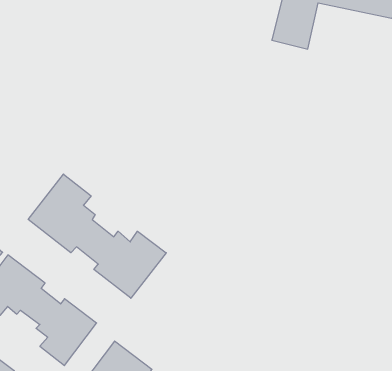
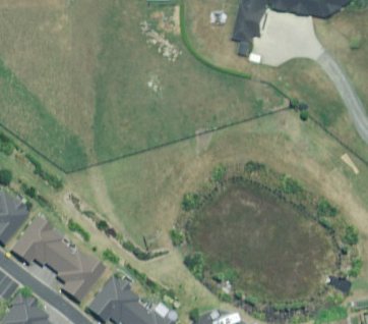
building: [28,174,166,298] -> none

